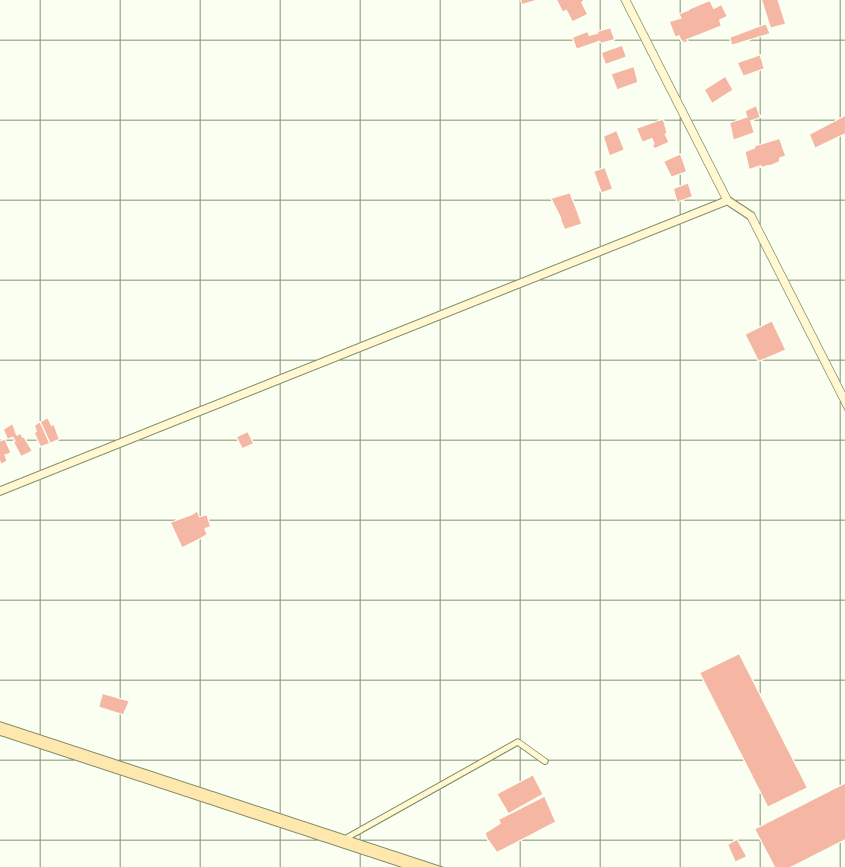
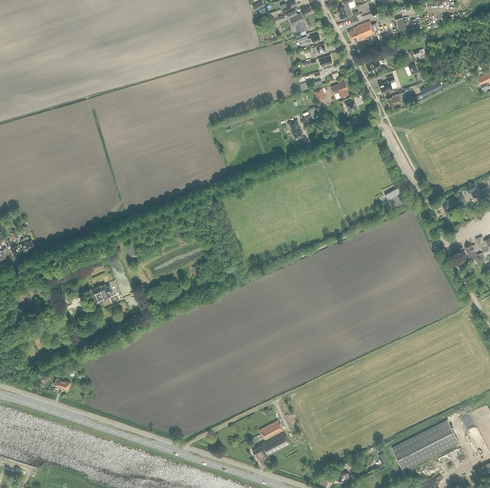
building: [700,654,807,807] -> none

